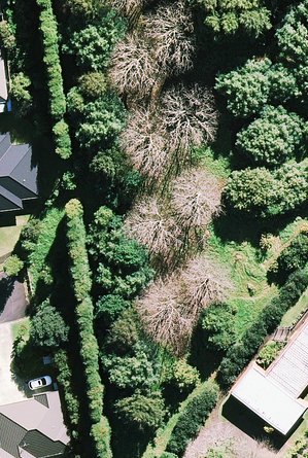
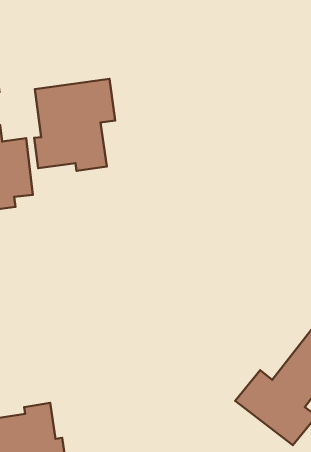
building: none -> [34,79,115,171]

